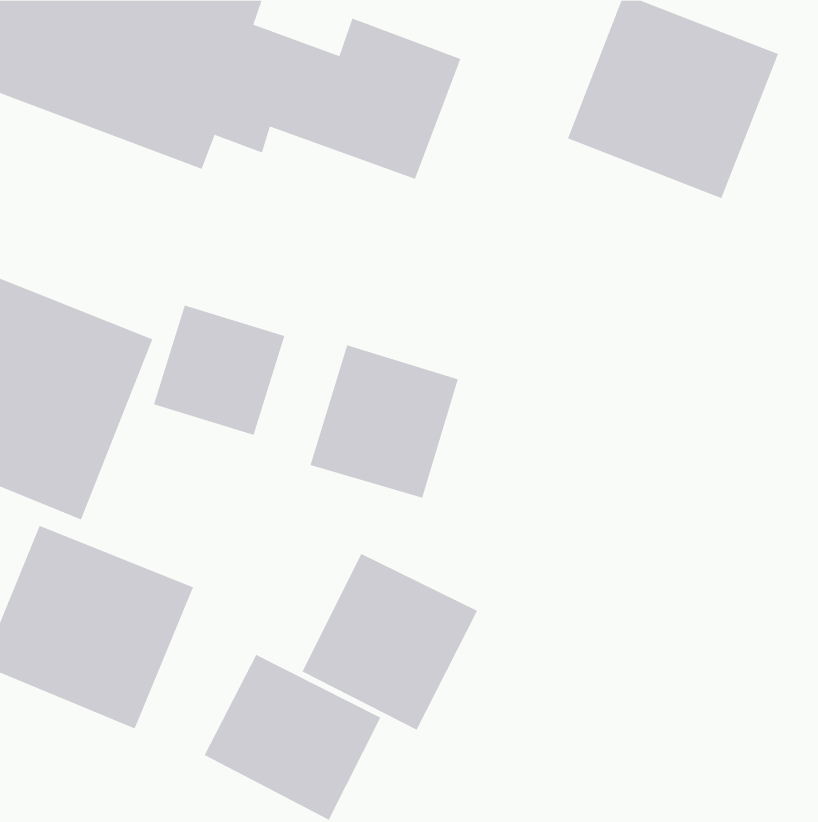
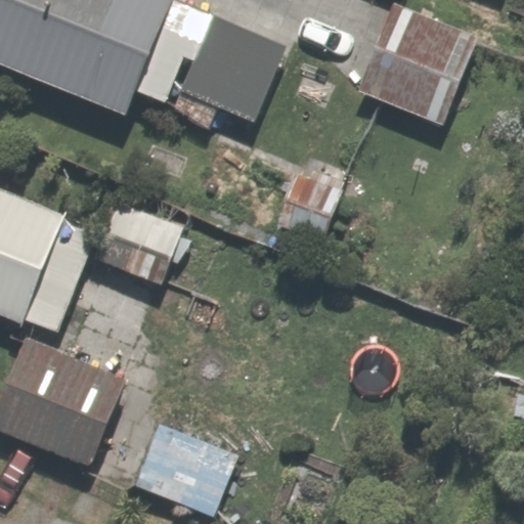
building: [310,345,458,499] -> none
building: [302,553,478,731] -> none

